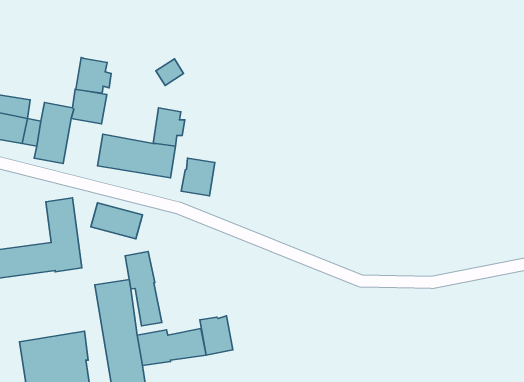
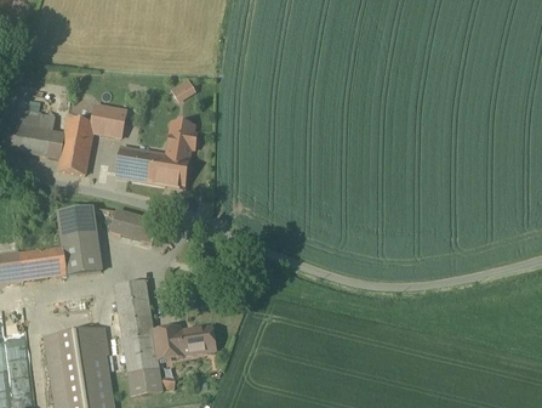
building: [76,58,111,93] -> none
building: [181,158,215,196] -> none
building: [125,251,162,326] -> none
building: [200,316,233,355] -> none

